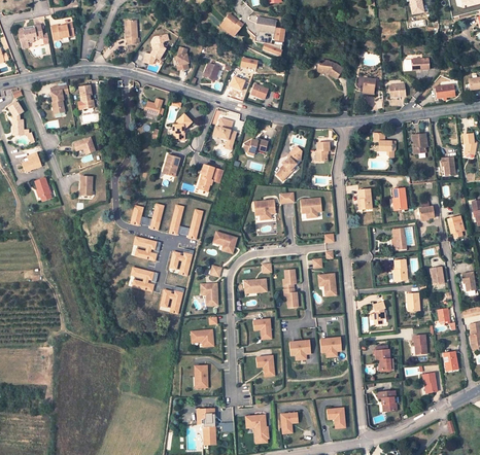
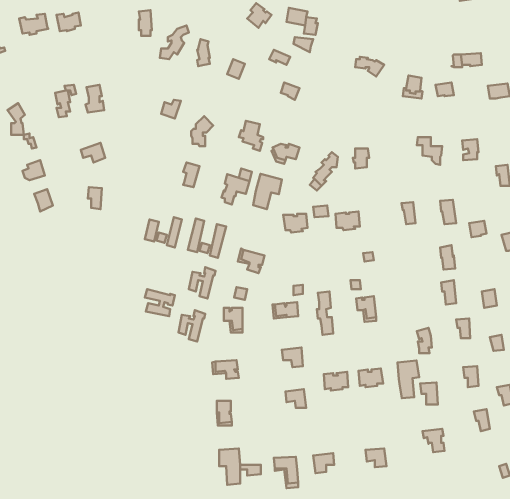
building: none -> [253,174,282,209]
building: [134,236,161,259] -> none
building: none -> [397,360,419,398]

